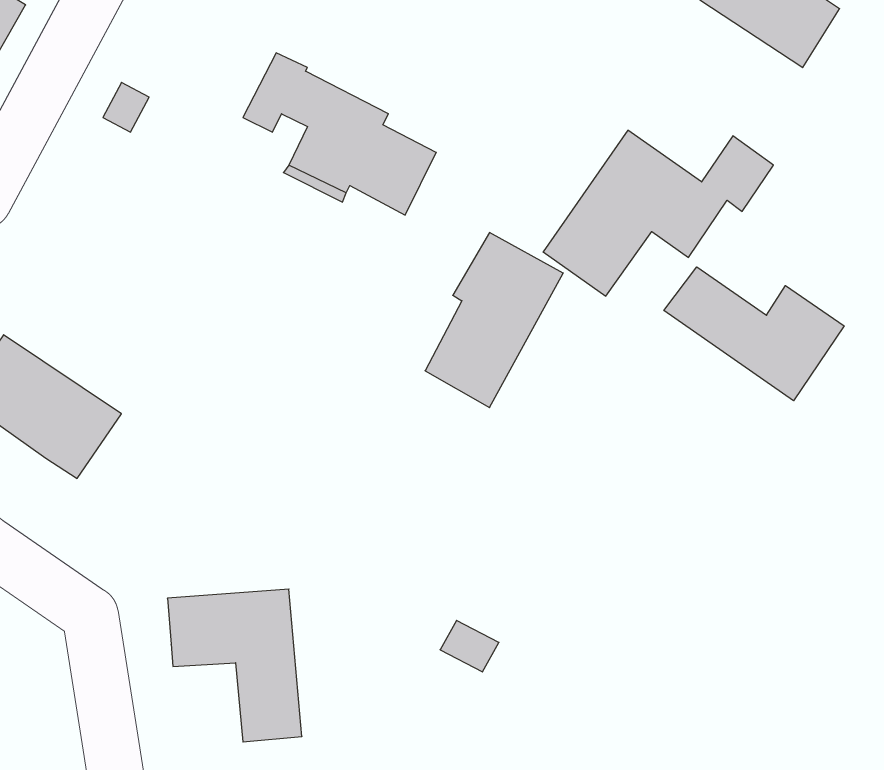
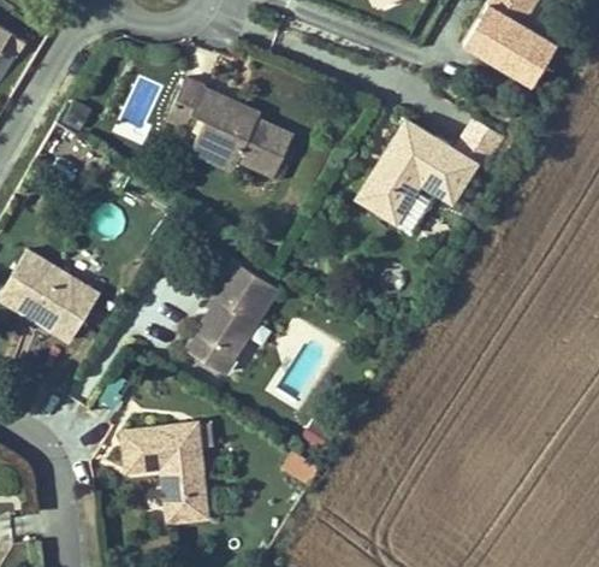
building: [425,233,563,408] -> [185,262,275,377]
building: [664,267,844,401] -> none

